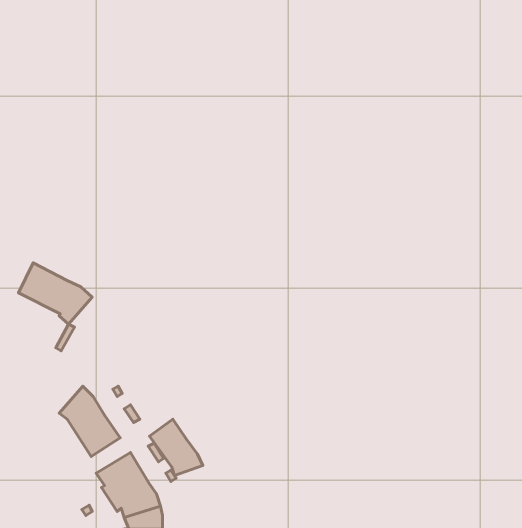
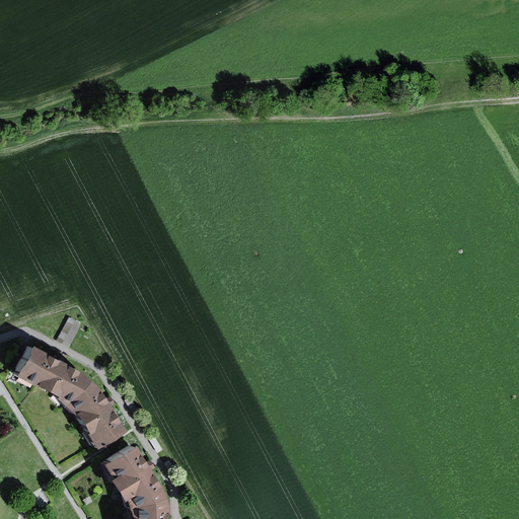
building: [19,263,92,324] -> [16,346,88,405]
building: [150,419,203,476] -> none

